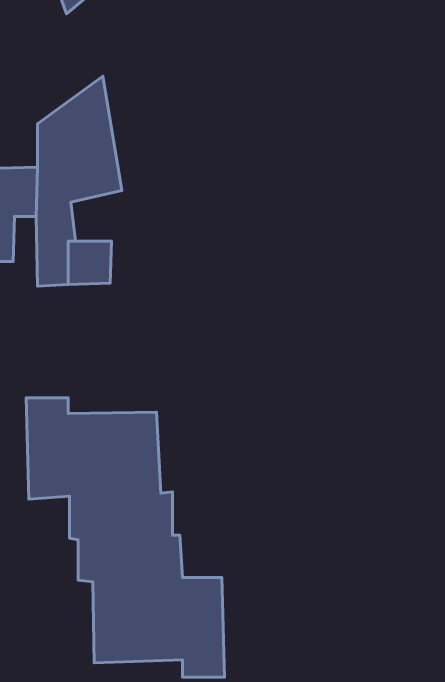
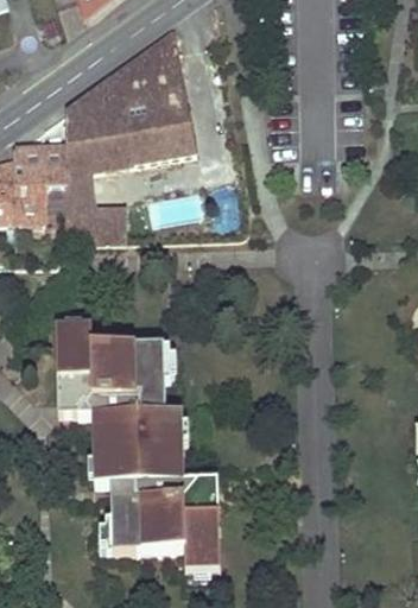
building: none -> [118,23,195,159]

